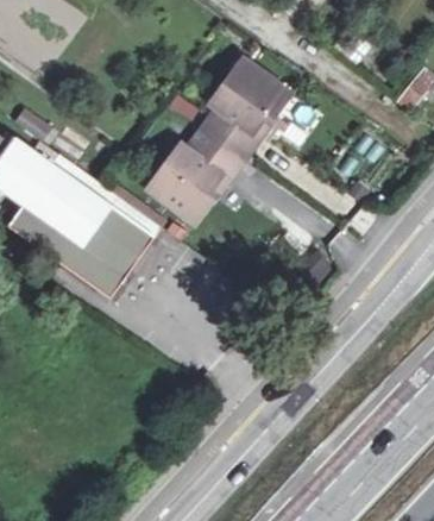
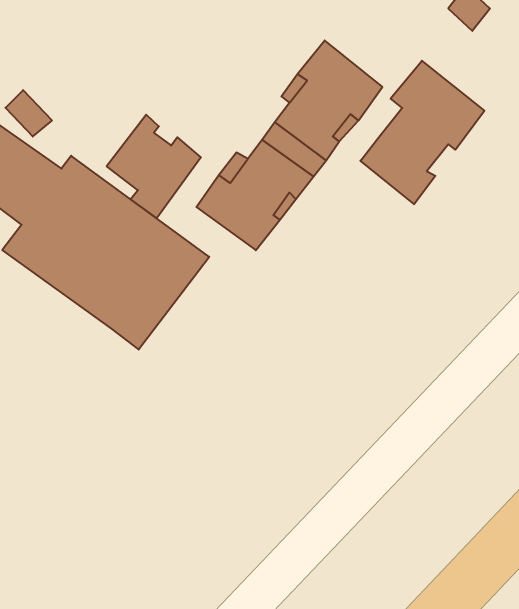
building: none -> [360,61,484,204]
building: none -> [107,115,201,218]

